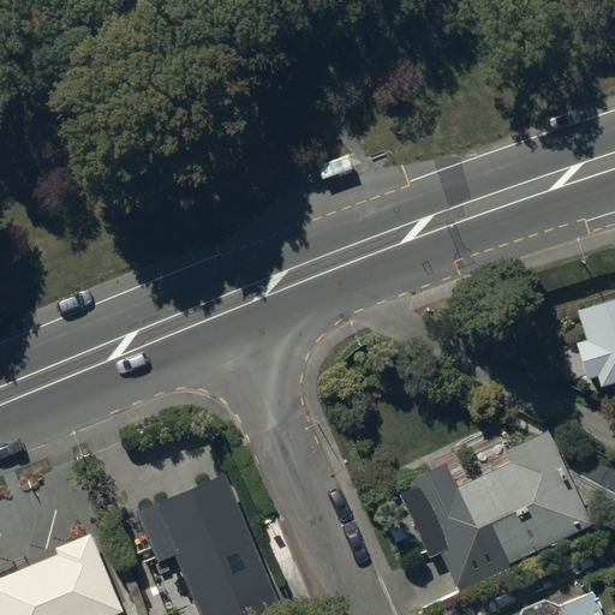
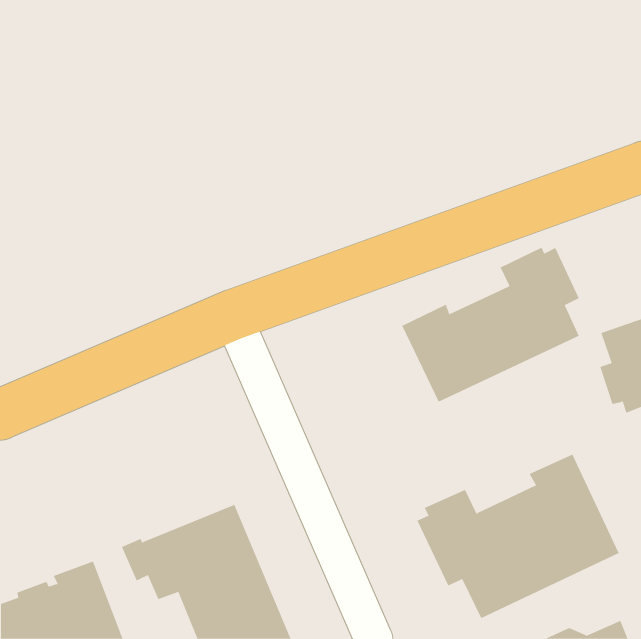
building: none -> [402,247,580,403]

